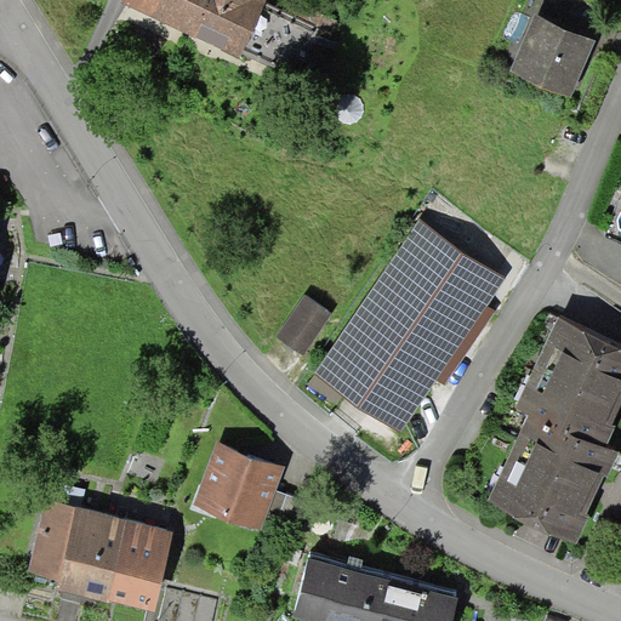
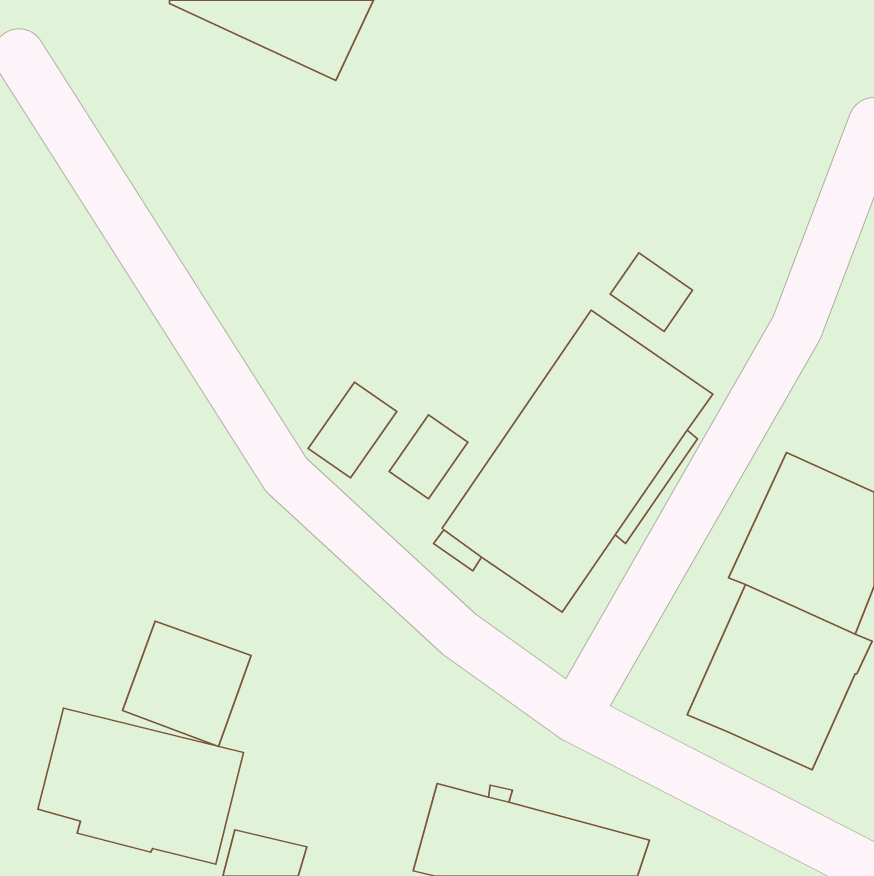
building: [509,13,594,97] -> none
building: none -> [610,253,693,331]
building: none -> [308,382,397,478]
building: [193,440,284,529] -> [122,621,251,746]

